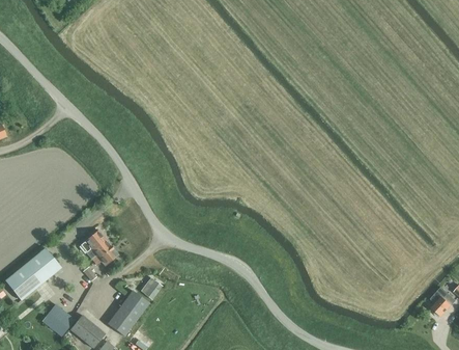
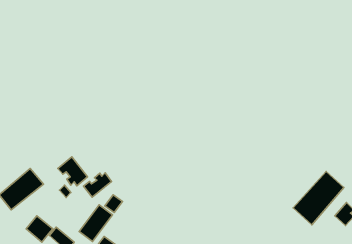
building: none -> [293,171,344,225]
building: none -> [84,173,112,197]

